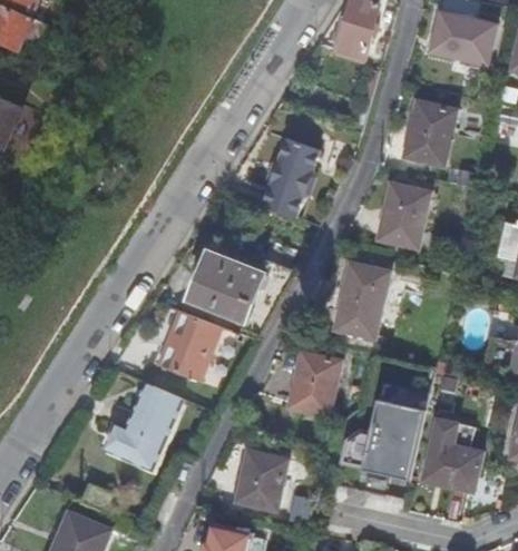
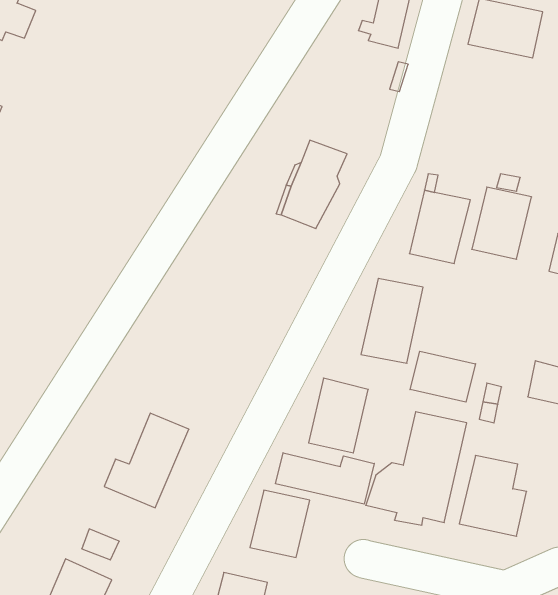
building: [403,101,457,166] -> [472,187,532,259]
building: [189,253,293,340] -> none
building: [157,309,221,381] -> none
building: none -> [410,351,476,402]
building: none -> [276,453,374,504]

